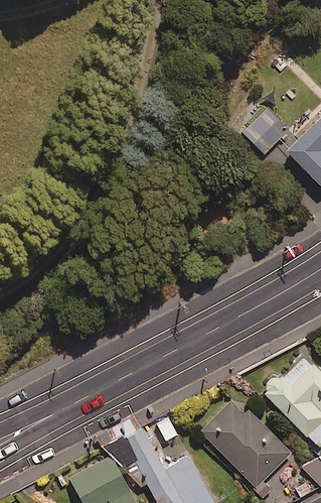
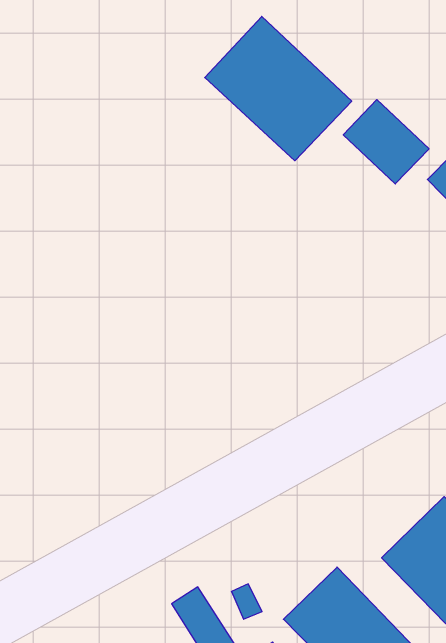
building: none -> [205,16,352,161]

